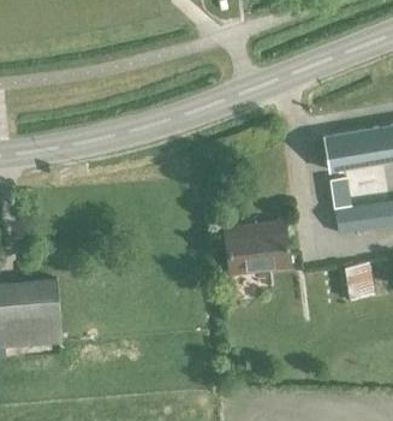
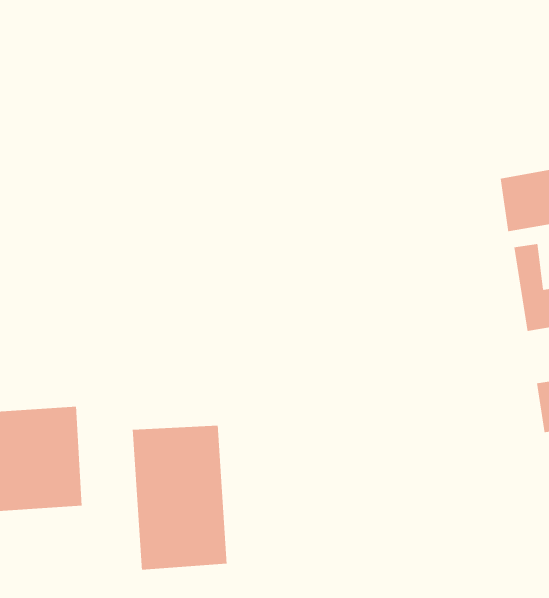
building: [225,221,290,271] -> none
building: none -> [132,425,227,571]

